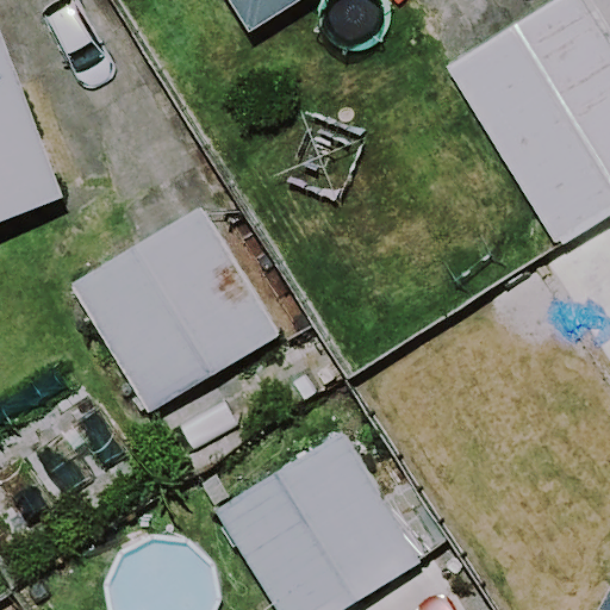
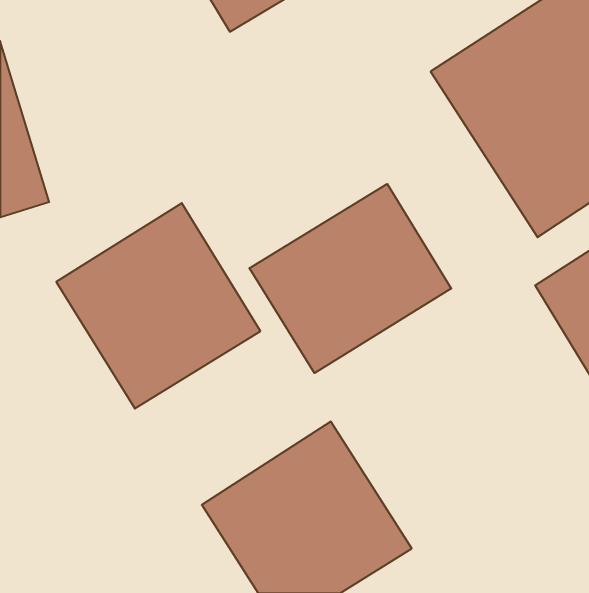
building: none -> [249,184,451,373]

